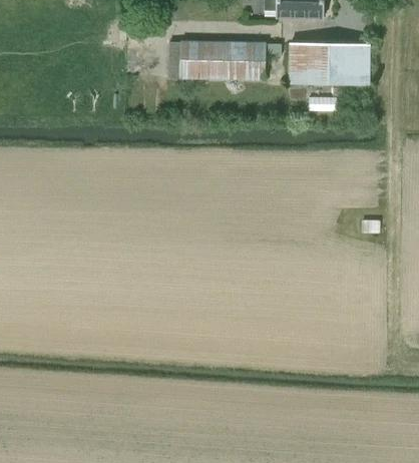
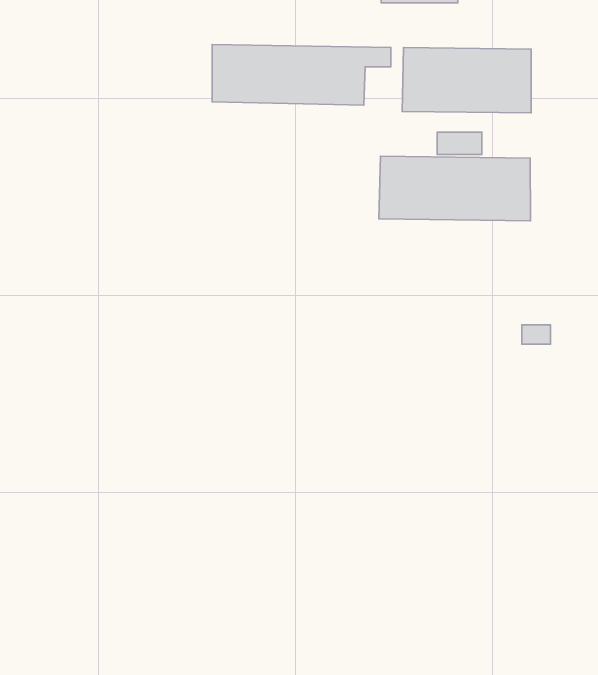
building: none -> [379,156,530,221]

